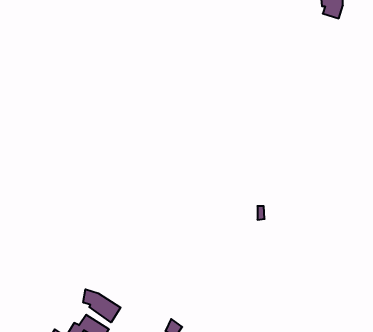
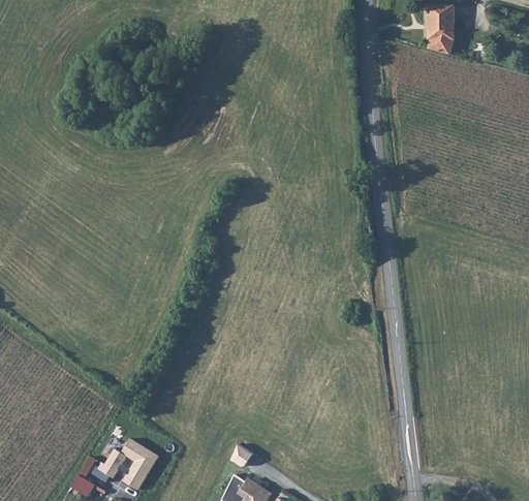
building: [83,289,121,322] -> none

